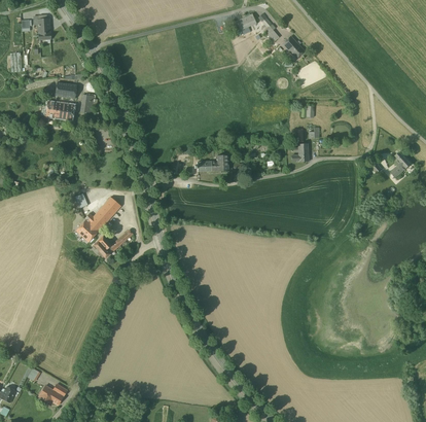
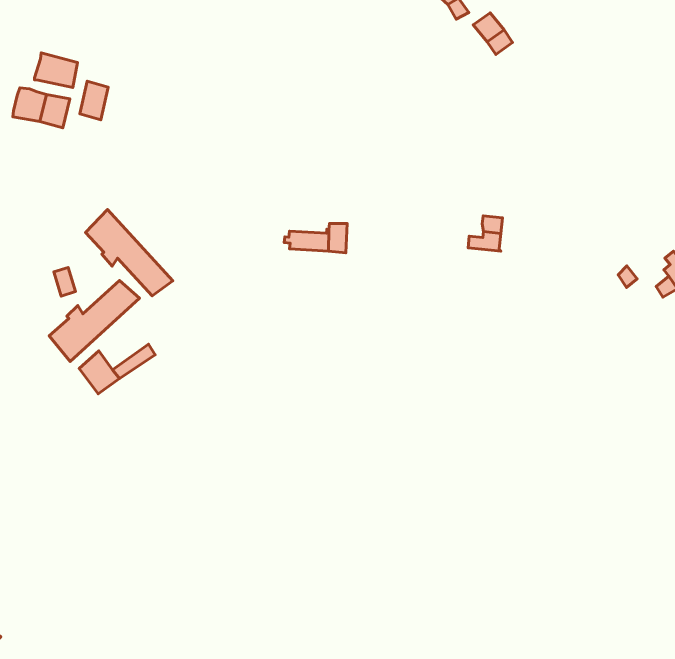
building: none -> [85,209,173,296]

